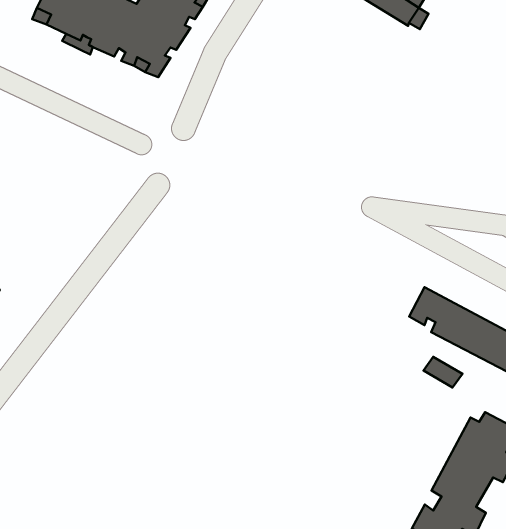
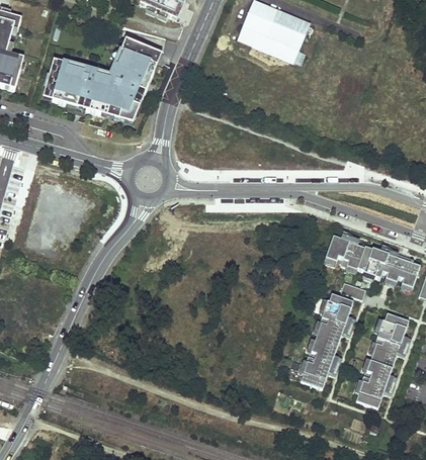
building: none -> [294,291,356,386]

